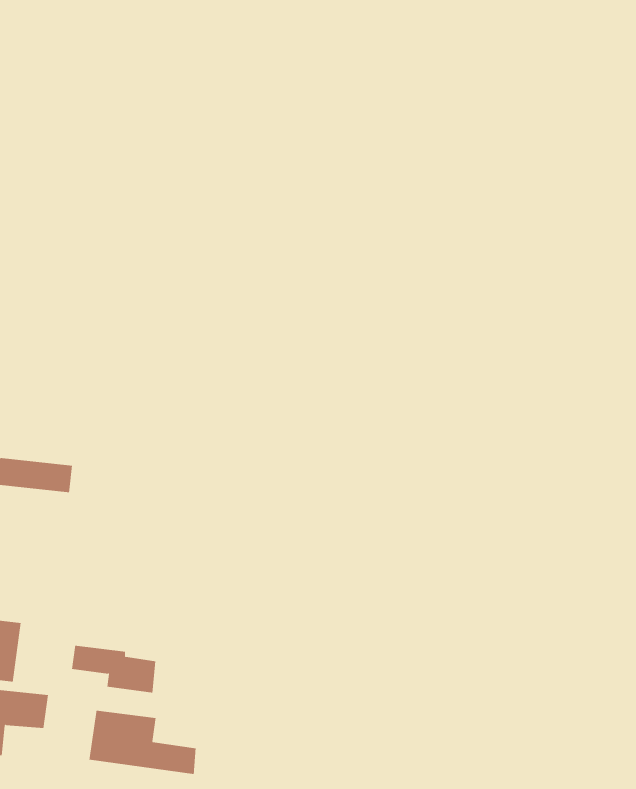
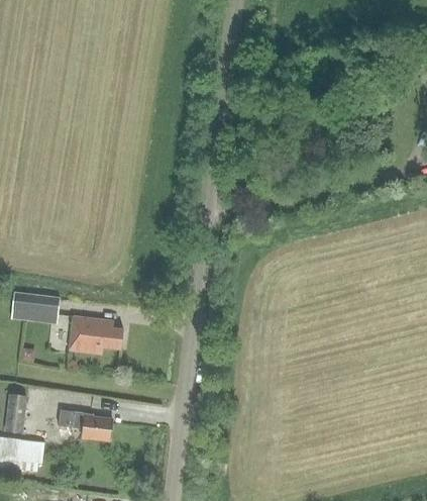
building: none -> [69,316,123,355]
building: [89,710,196,775] -> none

